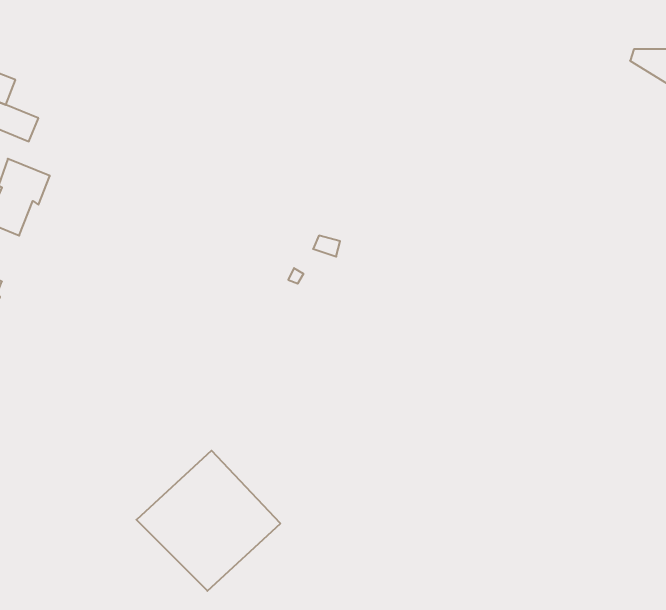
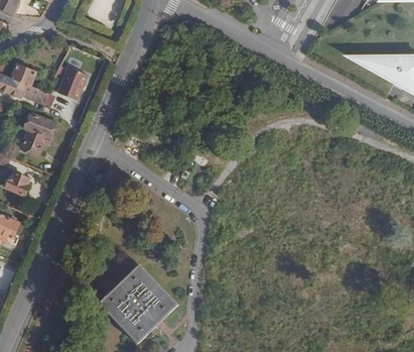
building: none -> [56,66,87,100]

